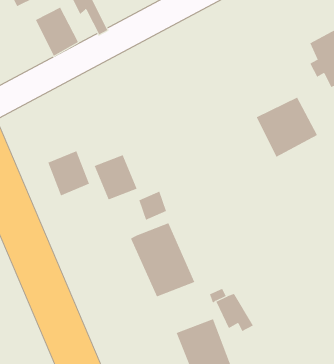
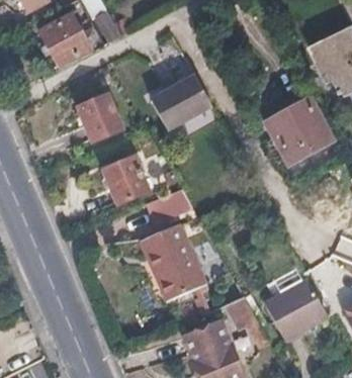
building: none -> [150,76,211,132]
building: [47,150,90,196] -> [78,97,120,143]
building: none -> [266,277,329,340]

